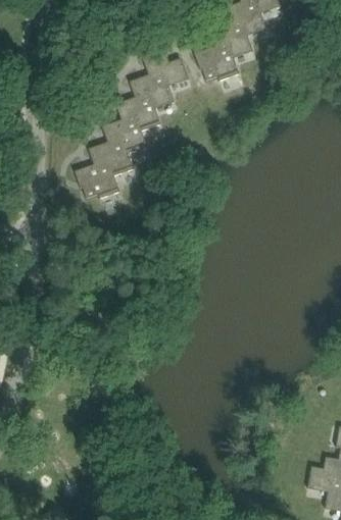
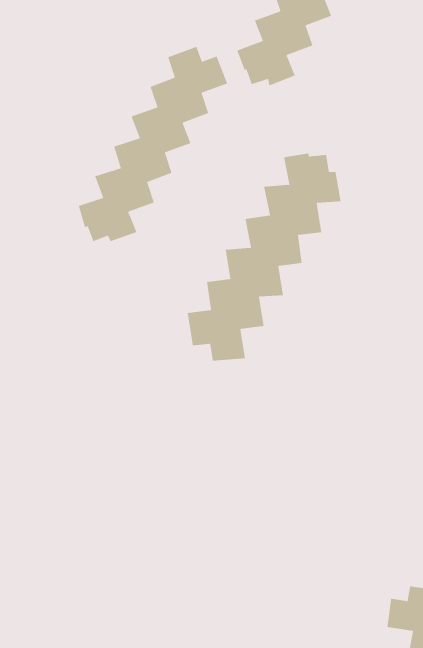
building: none -> [187,153,341,362]

